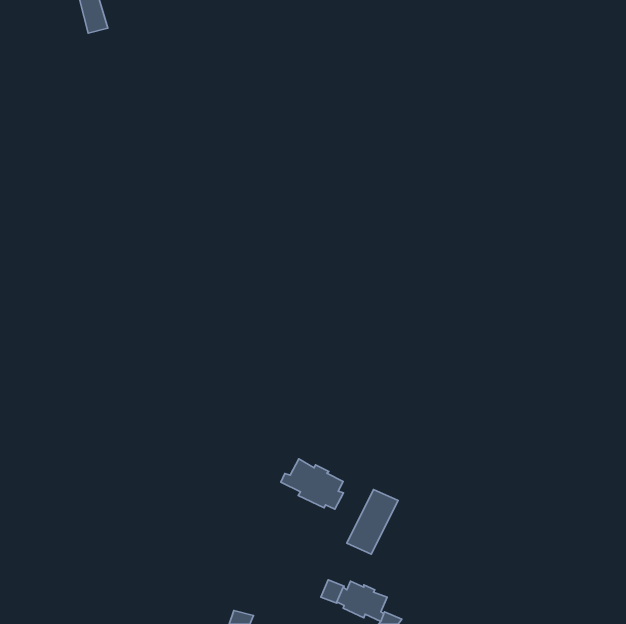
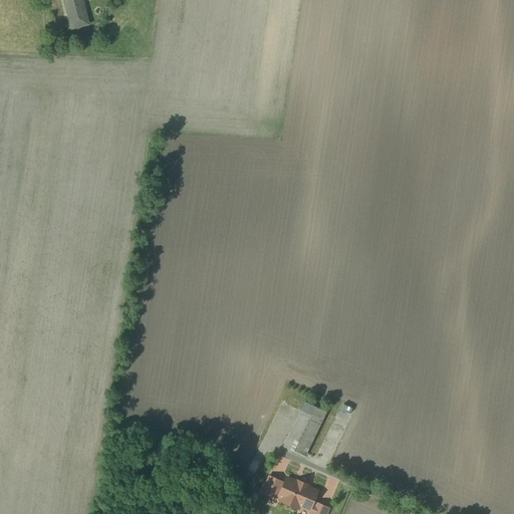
building: [281,459,344,509] -> none

